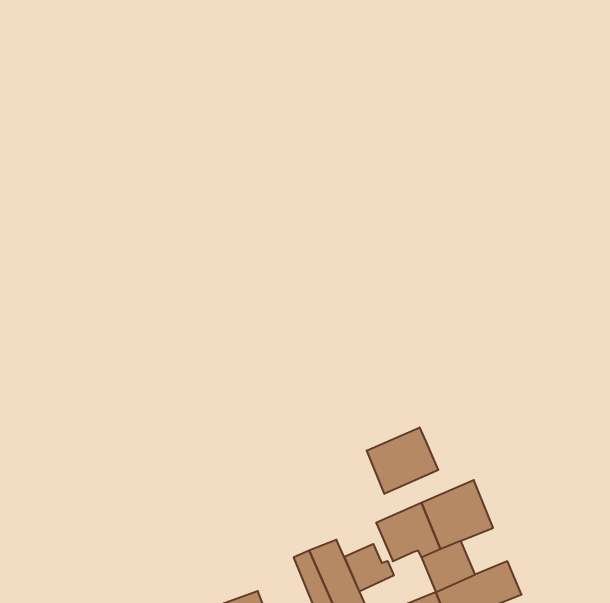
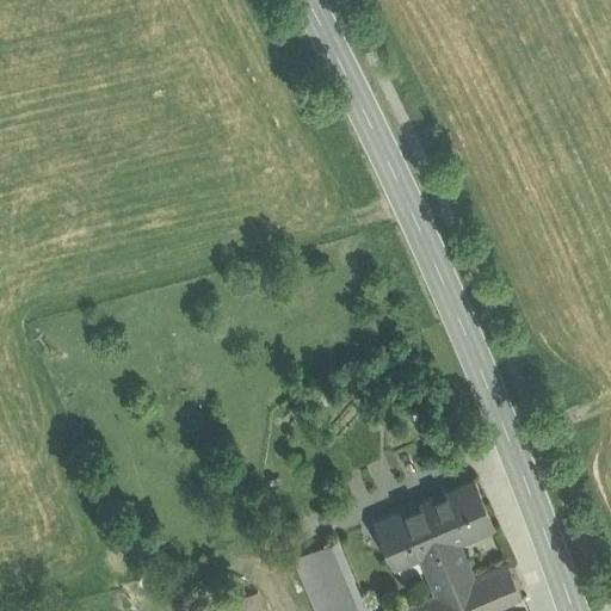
building: [367,427,438,494] -> none
building: [344,544,394,592] -> none

